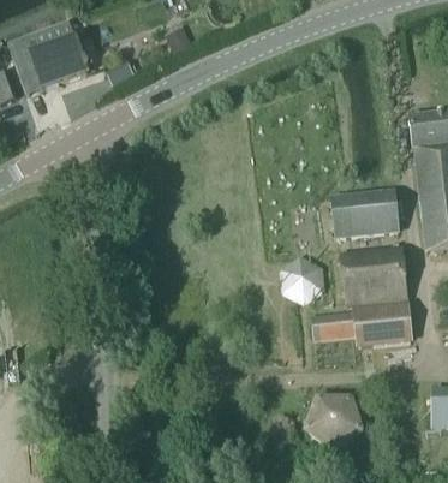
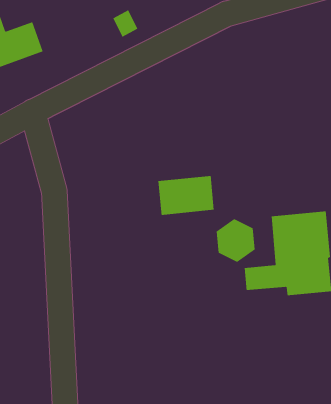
building: [333,192,396,237] -> [158,176,215,215]
building: [304,396,365,454] -> none

